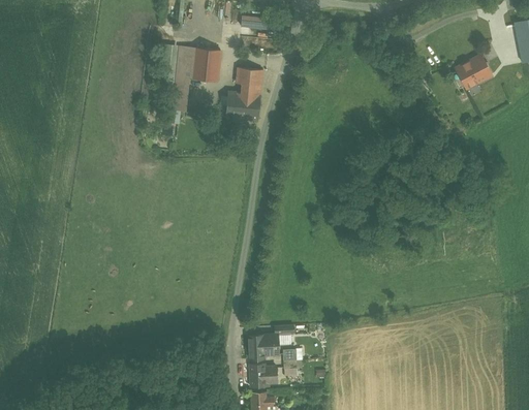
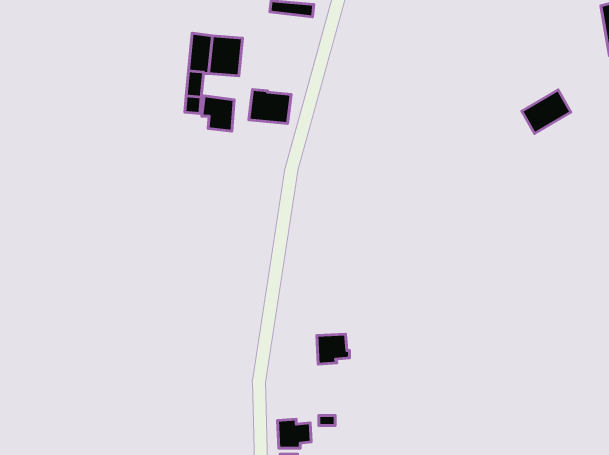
building: [452,56,492,92] -> [522,90,571,134]
building: [236,66,262,95] -> [202,96,234,131]
building: [248,334,275,358] -> [317,334,349,364]

